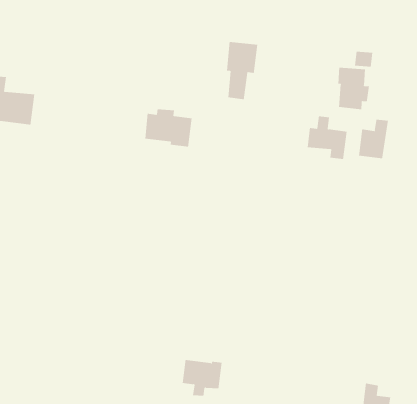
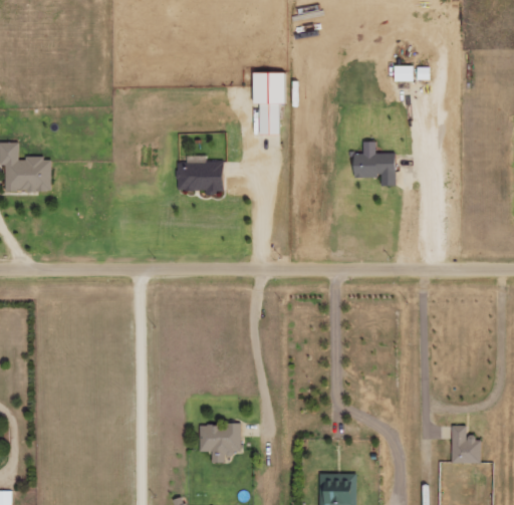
building: [338,67,369,110] -> none
building: [358,119,389,159] -> none
building: [182,360,222,396] -> [199,423,240,463]

